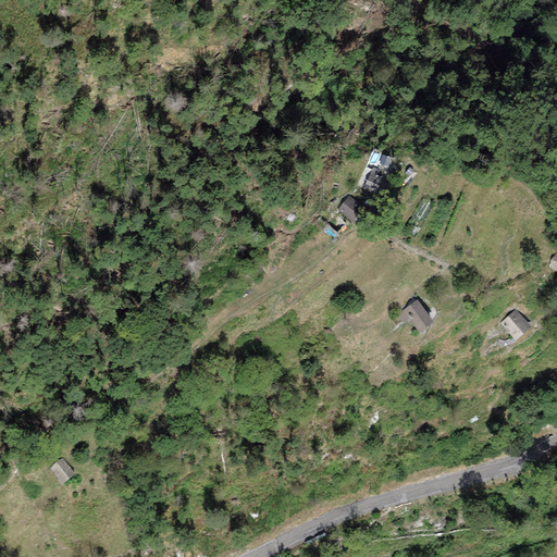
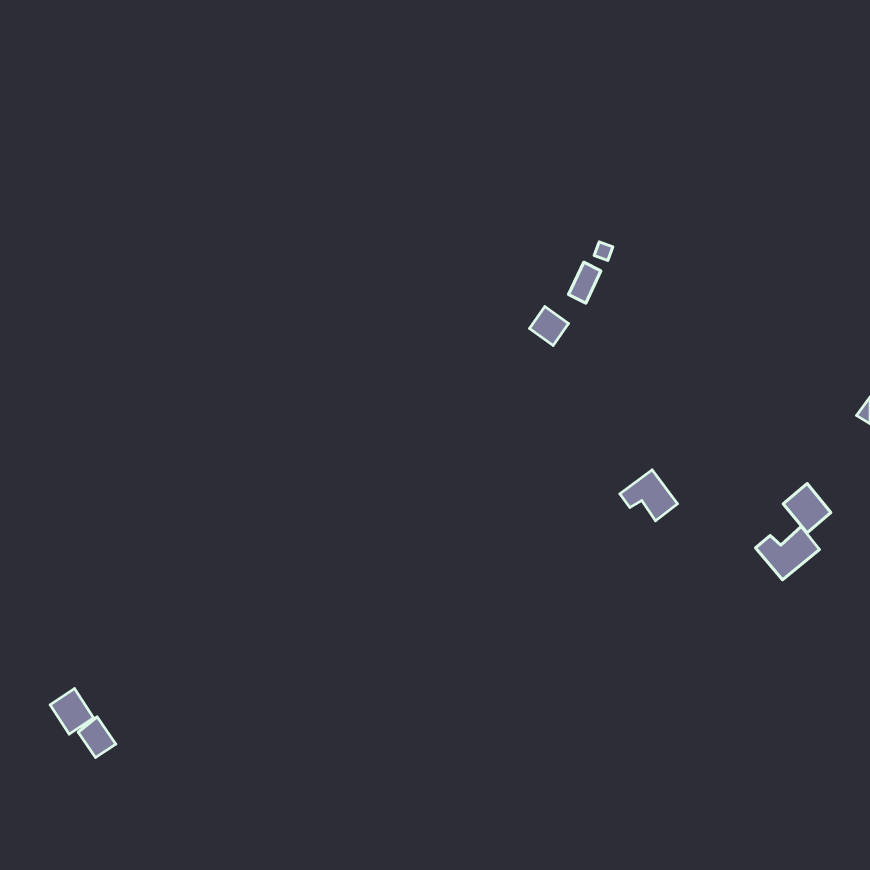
building: none -> [755,527,819,580]
building: none -> [50,688,93,734]

